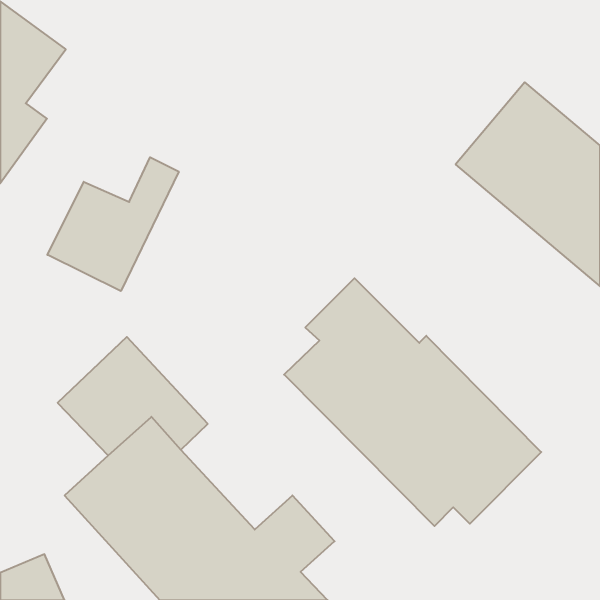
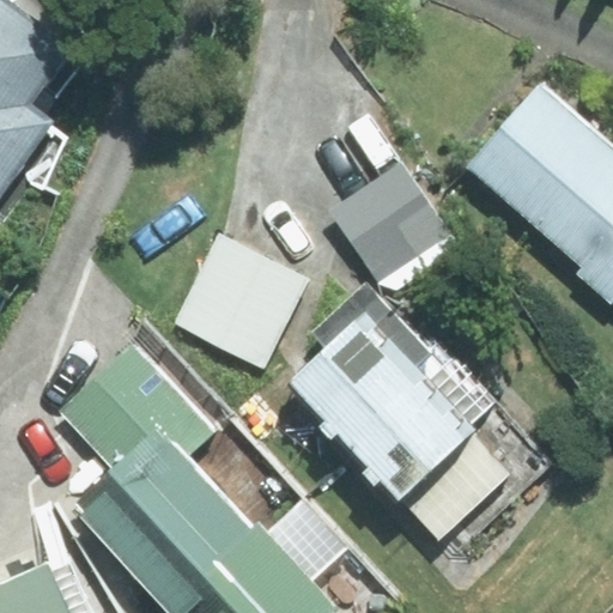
building: [47,157,179,291] -> none
building: none -> [333,163,456,290]
building: none -> [178,238,305,365]

